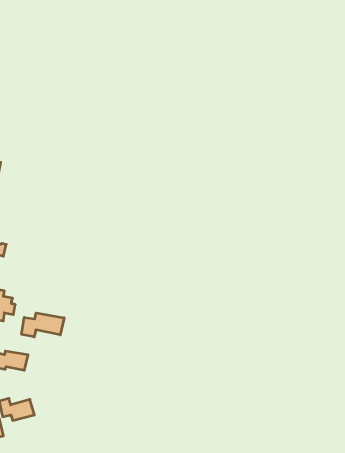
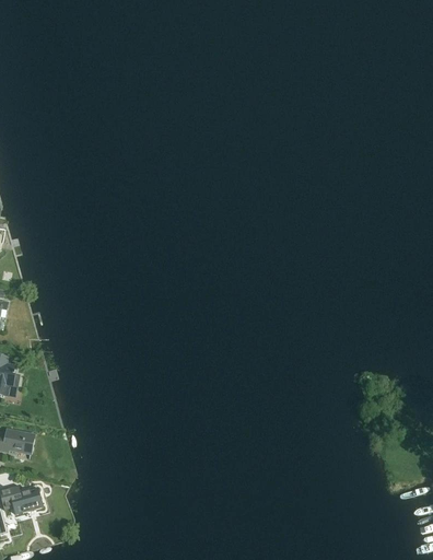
building: [22,313,64,337] -> none

